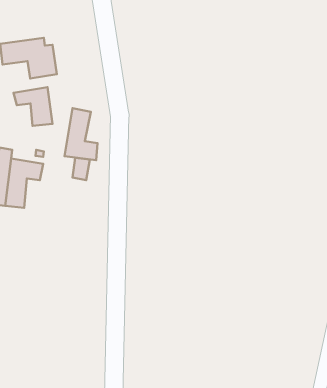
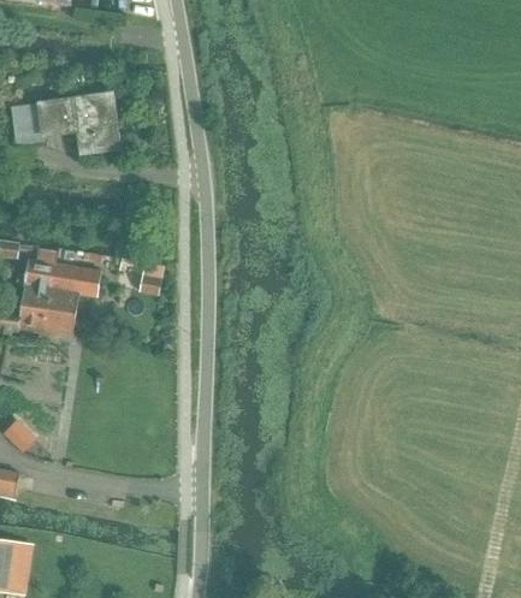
building: [14,87,52,126] -> none
building: [64,108,98,160] -> none

